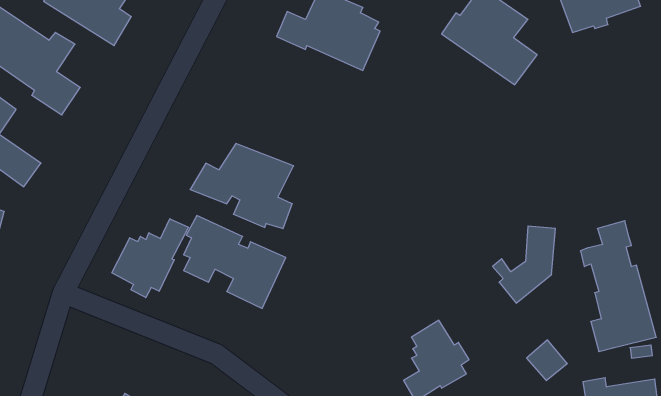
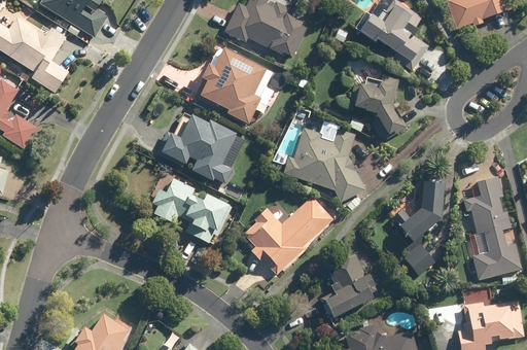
building: none -> [200,51,265,124]
building: none -> [350,74,407,136]
building: none -> [282,128,363,199]
building: [112,219,188,298] -> none
building: none -> [243,194,333,274]
building: [527,340,567,381] -> [401,243,433,275]

